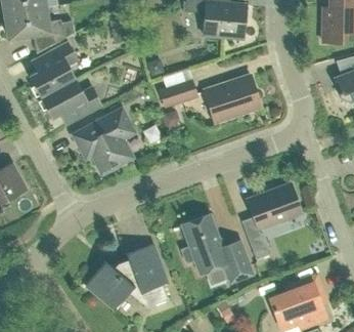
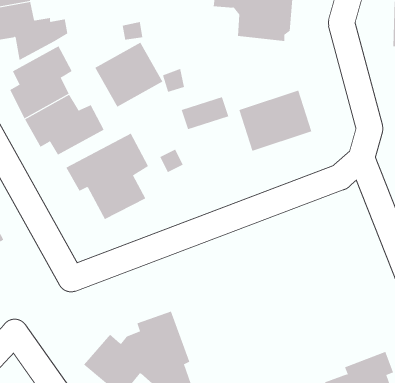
building: none -> [95,42,163,107]
building: [242,183,302,259] -> none
building: [182,213,254,283] -> none

